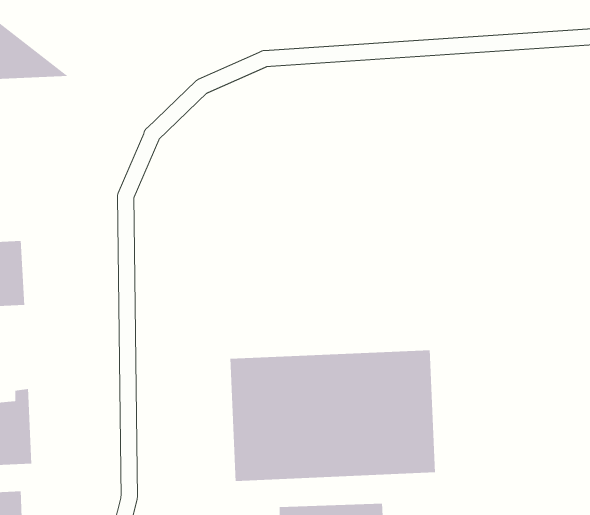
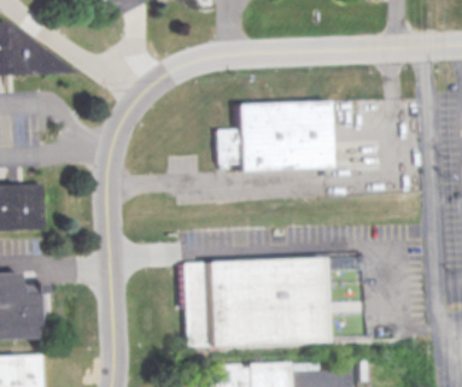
building: none -> [218,101,333,172]

